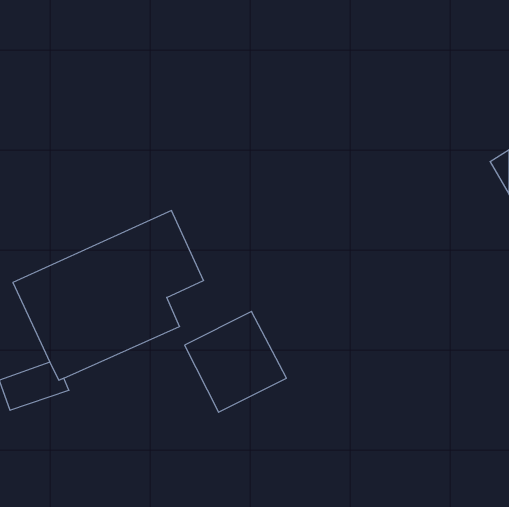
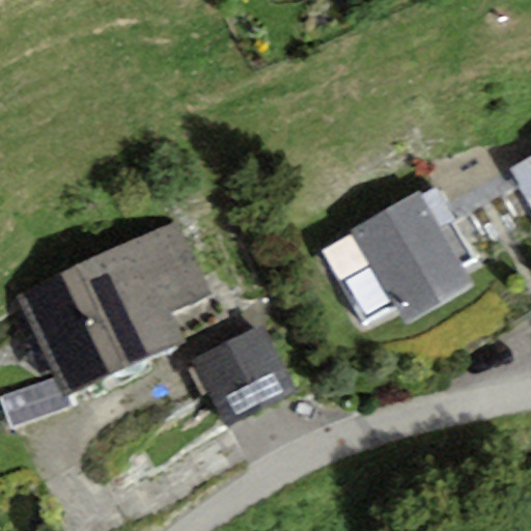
building: none -> [319,186,477,326]

